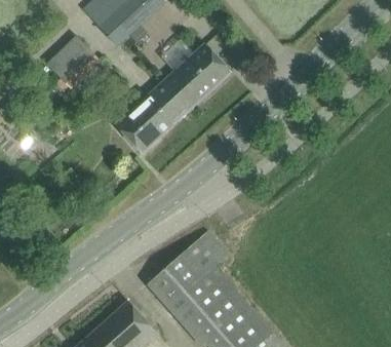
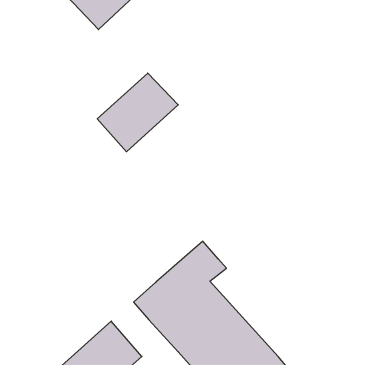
building: [45,34,101,89] -> none
building: [159,43,230,112] -> none

